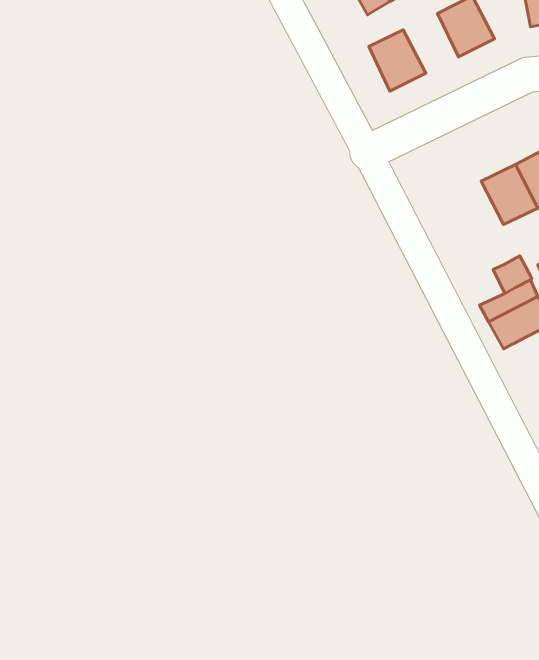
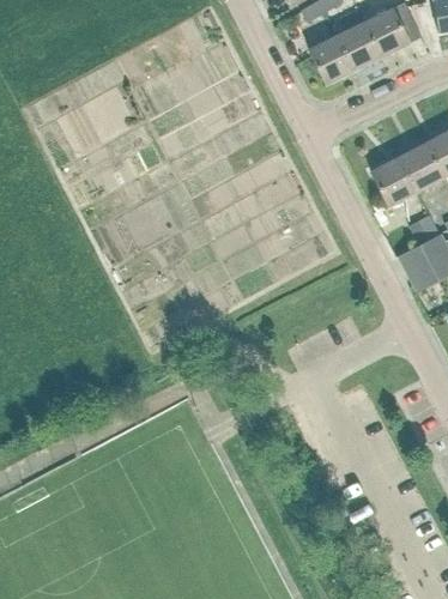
building: none -> [338,22,382,69]
building: none -> [371,156,418,206]

